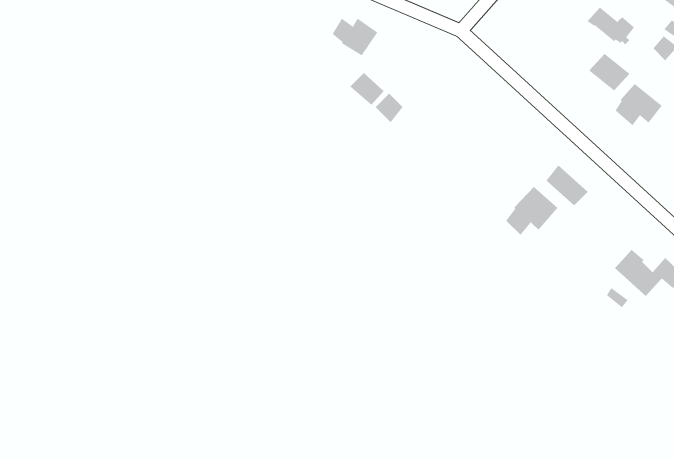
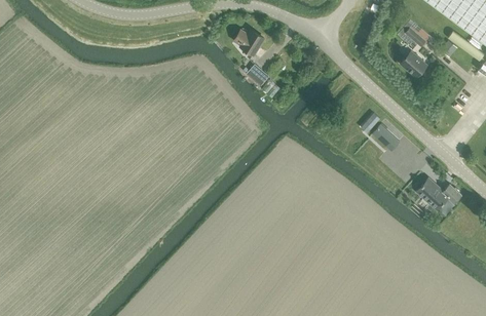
building: [615,83,663,126] -> none
building: [506,186,558,236] -> none

